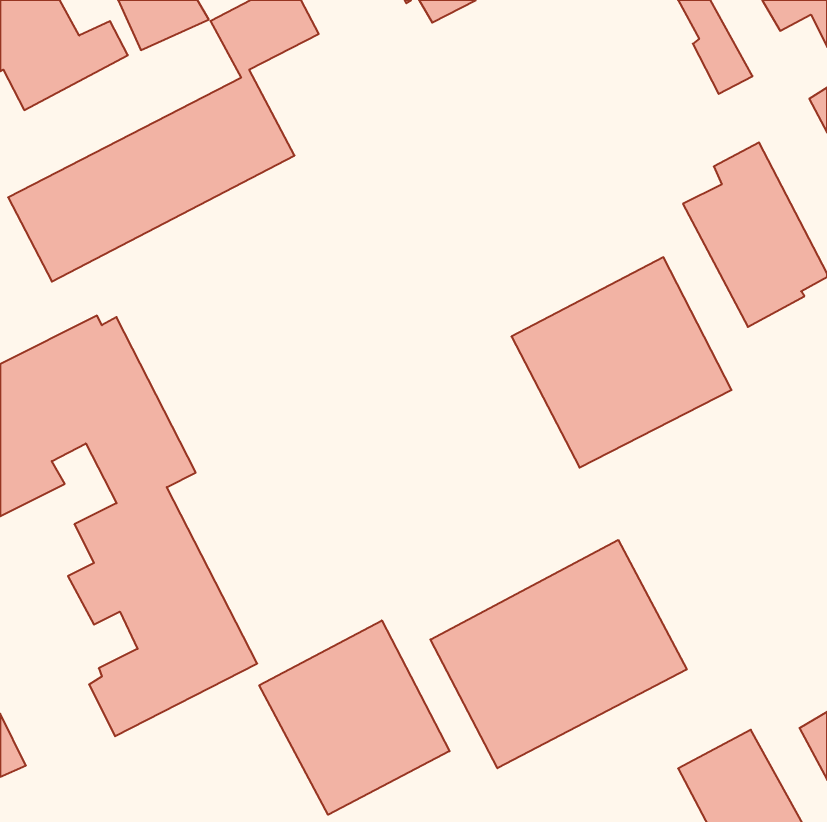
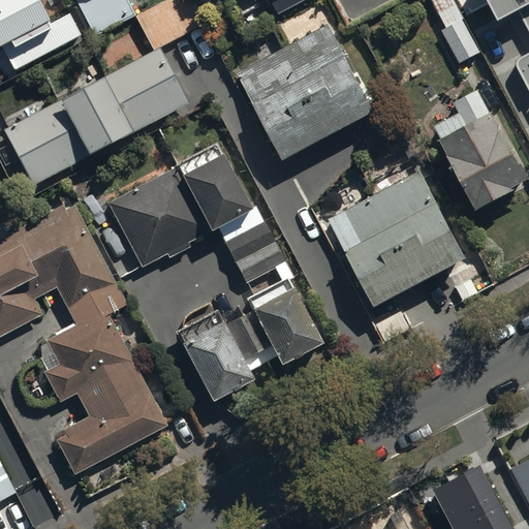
building: none -> [236,23,373,155]
building: none -> [107,150,320,397]
building: [430,540,687,768] -> none
building: [259,620,450,815] -> none

